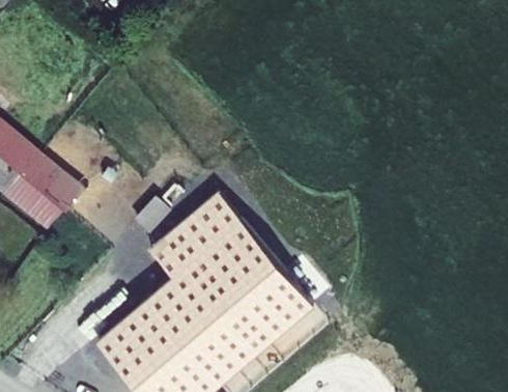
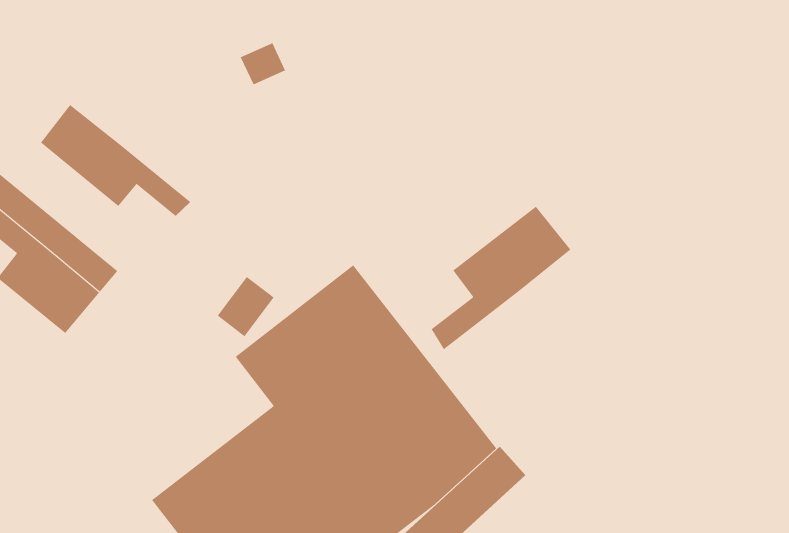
building: none -> [40,104,191,217]
building: none -> [431,206,571,350]

